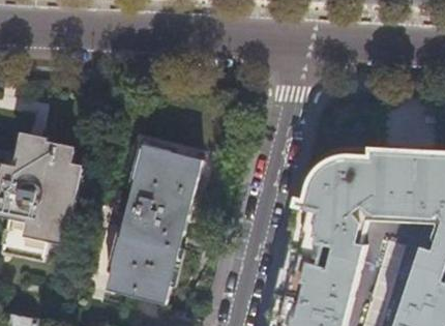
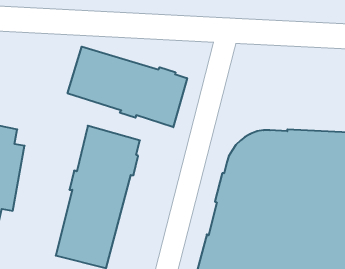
building: none -> [68,47,187,127]

